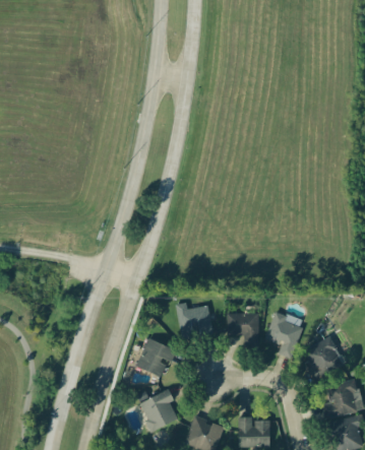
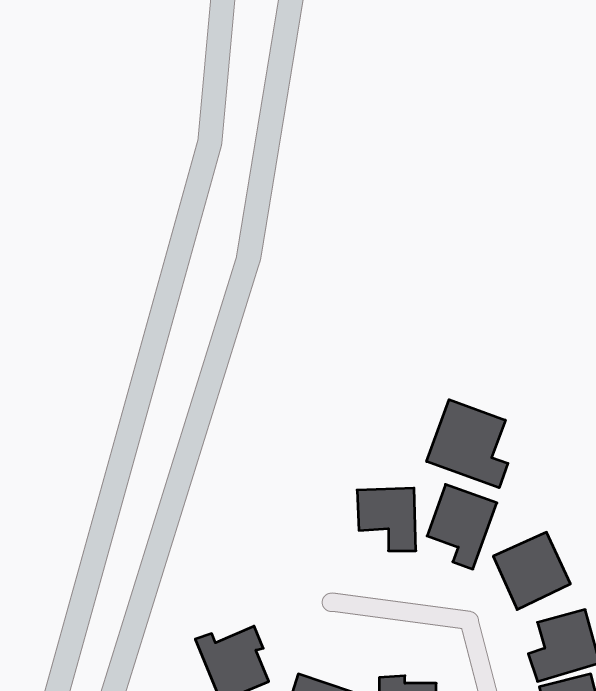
building: none -> [427,400,508,488]
building: [176,303,214,340] -> none
building: [136,338,177,377] -> none

